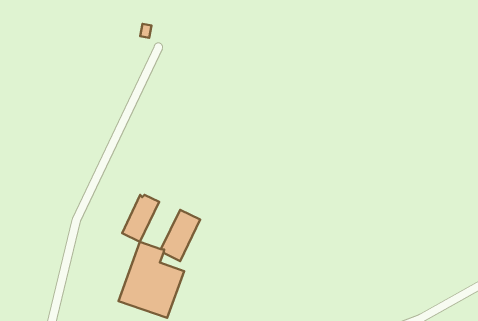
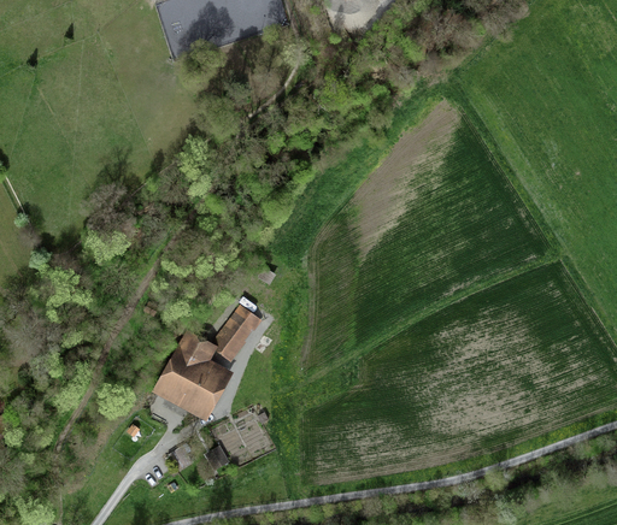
building: [122,195,159,242] -> none

